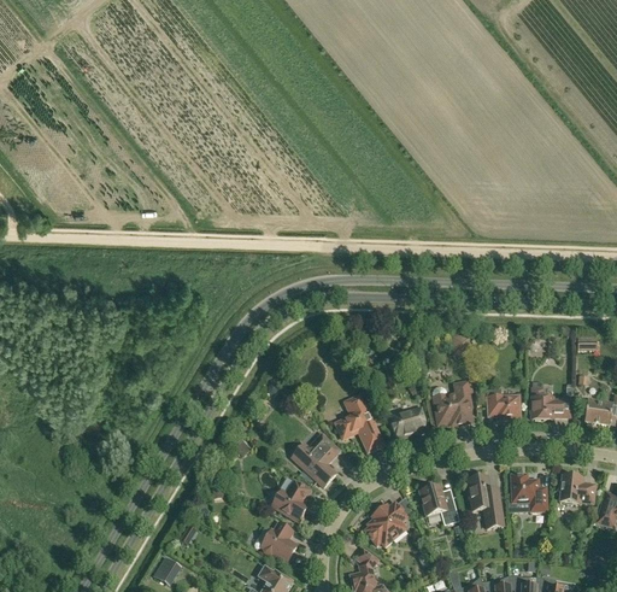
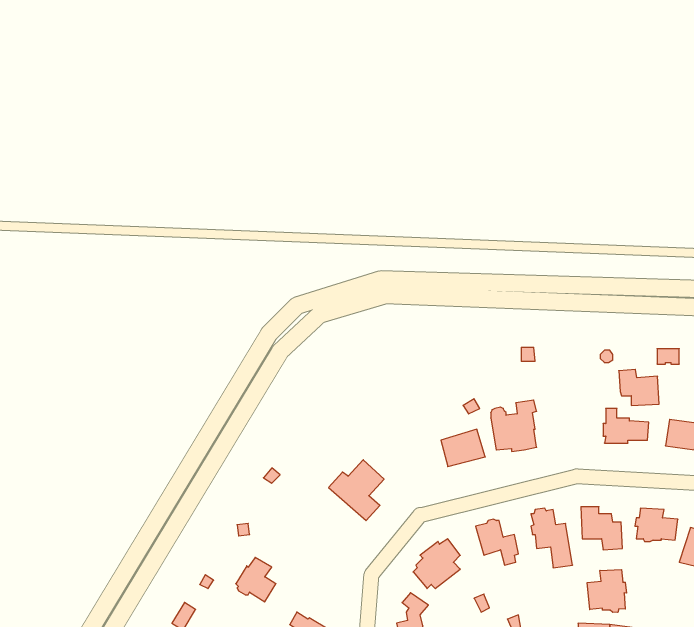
building: [486,388,521,420] -> [619,369,659,405]
building: [335,398,384,453] -> none
building: [271,479,310,521] -> none
building: [262,522,296,561] -> [236,557,276,602]
building: none -> [587,570,627,612]

